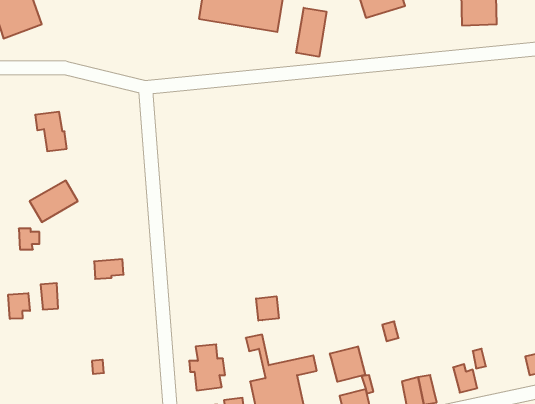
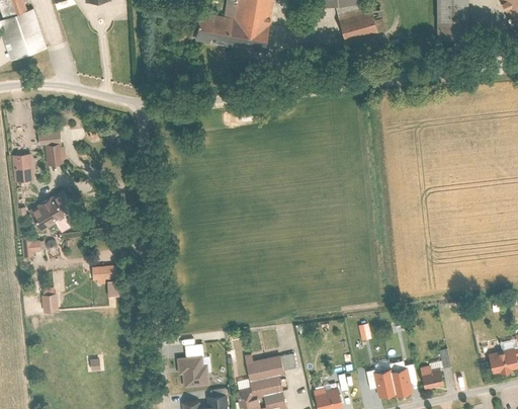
building: [296,8,326,57] -> none
building: none -> [13,153,33,181]
building: [8,293,30,319] -> none
building: [256,296,279,321] -> none
building: [330,346,365,382] -> none

